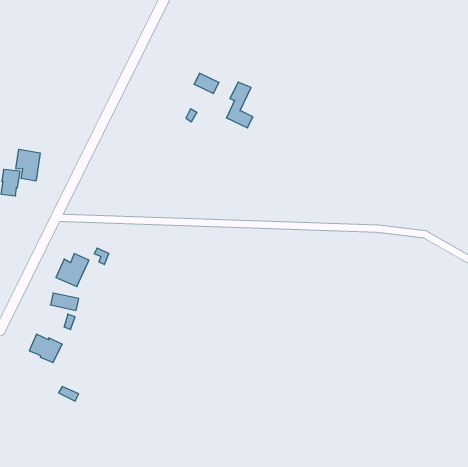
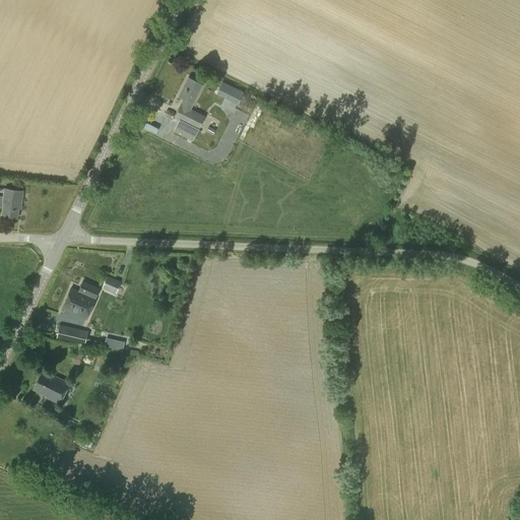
building: [226,82,253,128] -> [175,78,204,129]
building: [16,149,40,181] -> none

